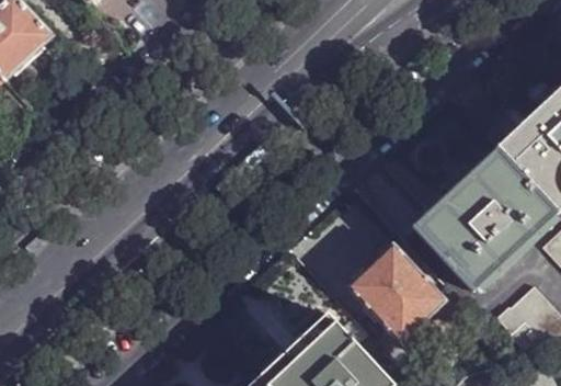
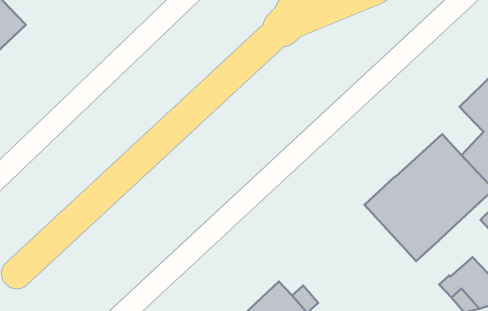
building: [497,124,548,177] -> none
building: [348,245,444,340] -> none

